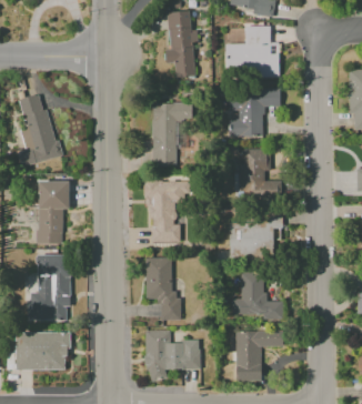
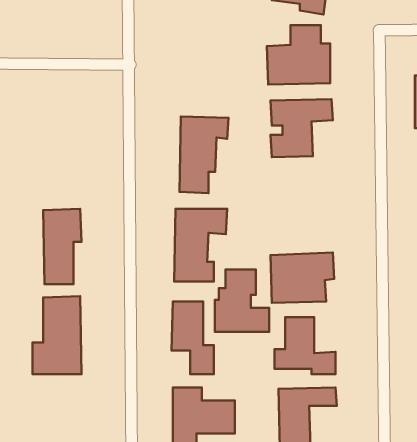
building: [165,11,198,78] -> none
building: [18,93,59,166] -> none
building: [235,149,281,201] -> [215,270,269,332]
building: [16,333,69,371] -> none

